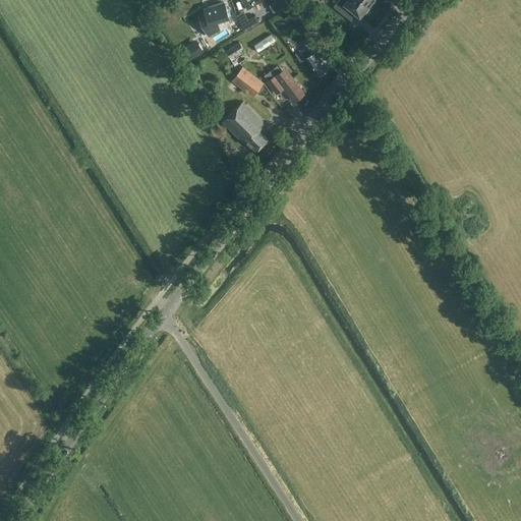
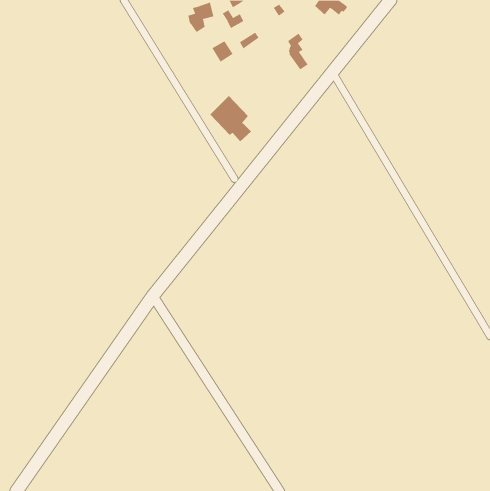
building: [230,66,263,98] -> none
building: [267,70,303,101] -> none

